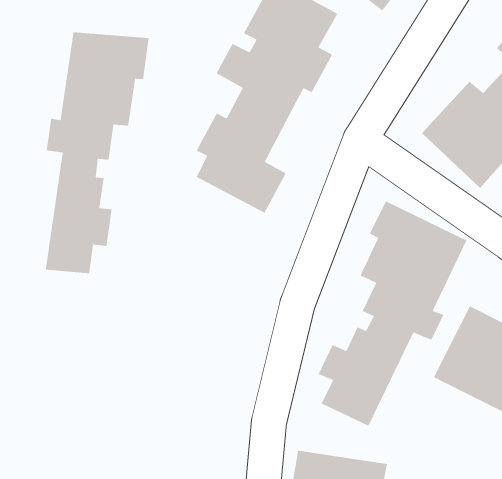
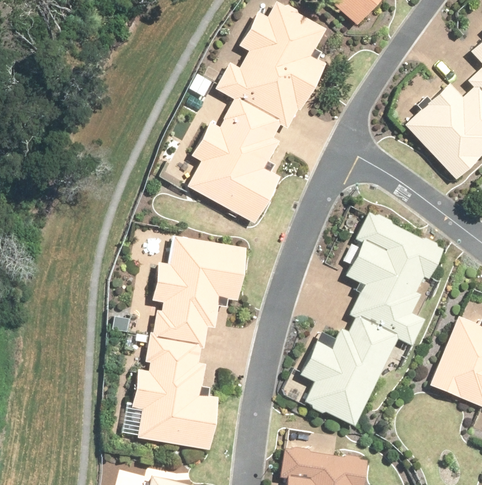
building: [45,32,149,274] -> none
building: none -> [135,238,251,443]

